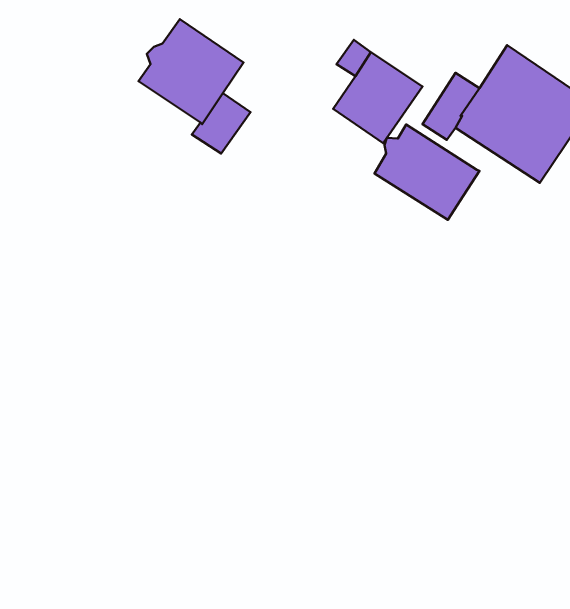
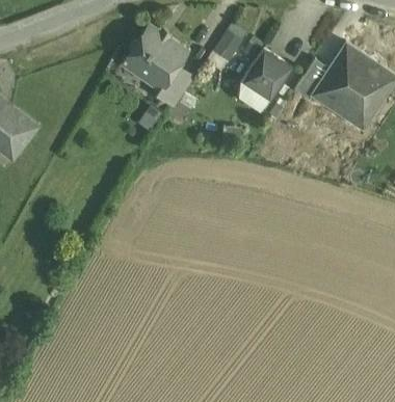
building: none -> [211,24,244,62]
building: [375,125,479,220] -> none

